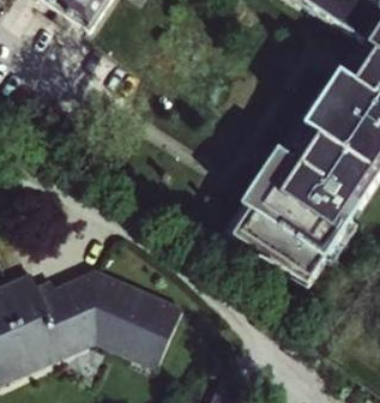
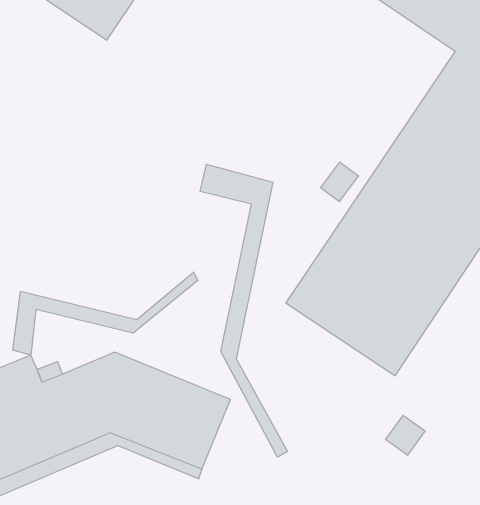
building: none -> [200,164,287,457]
building: none -> [13,272,198,355]

